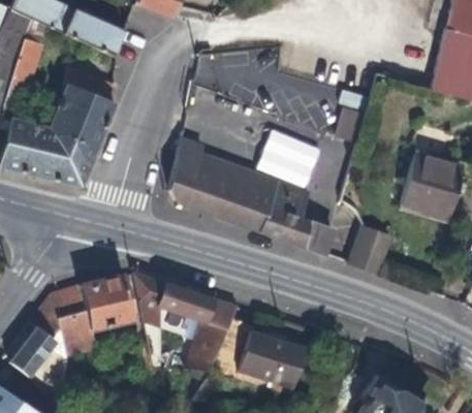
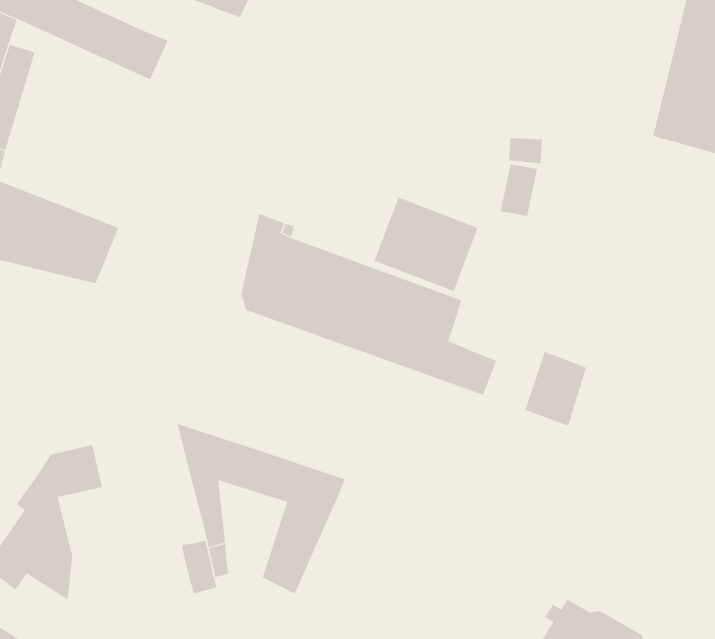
building: [49,67,117,149] -> none
building: [399,155,462,218] -> none
building: [57,275,132,392] -> none
building: [208,319,303,388] -> none

